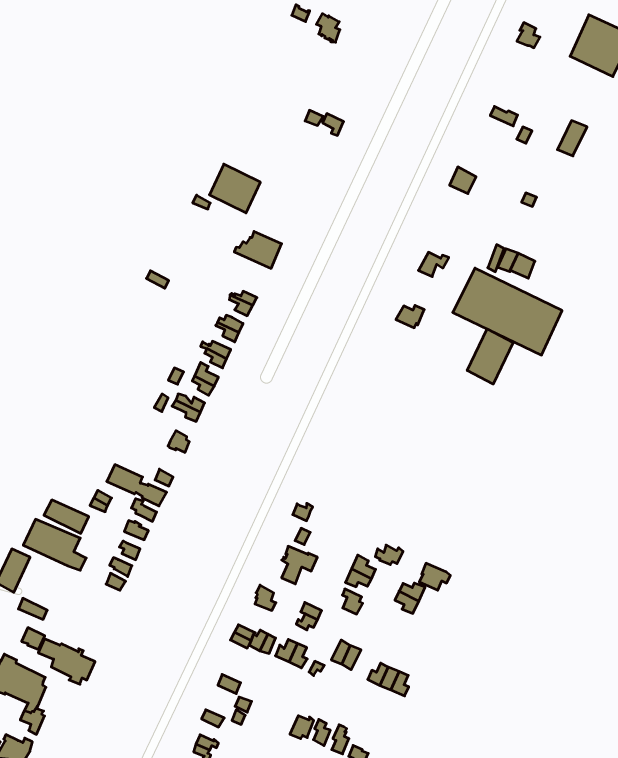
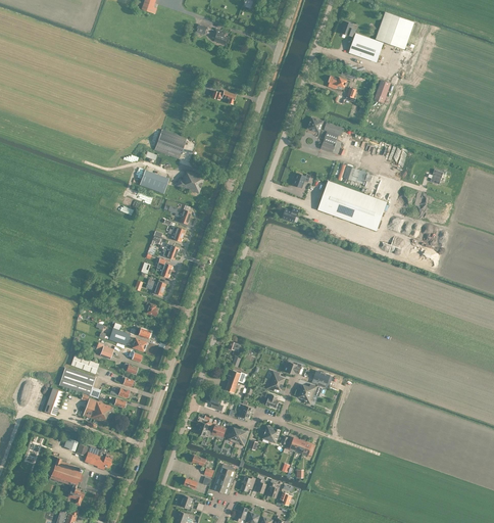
building: none -> [349,33,383,62]
building: none -> [322,124,343,154]
building: none -> [140,169,168,193]
building: [467,329,513,384] -> none
building: none -> [83,398,113,424]

